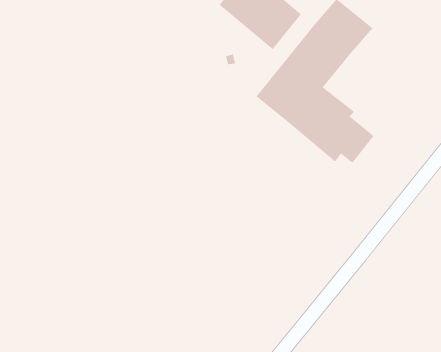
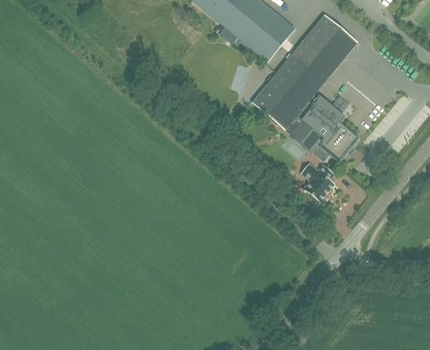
building: none -> [300,161,333,199]

